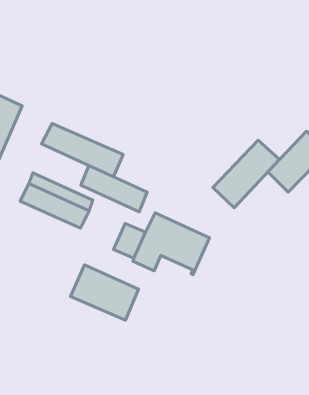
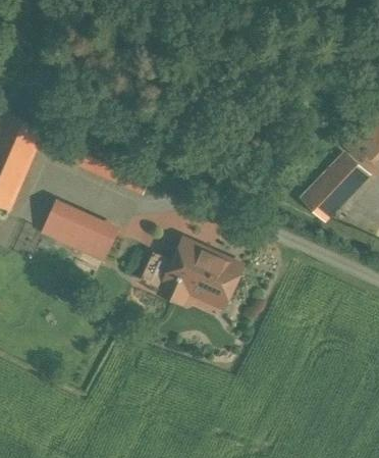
building: [213,140,279,208] -> none
building: [81,166,147,212] -> none
building: [70,265,139,320] -> none

